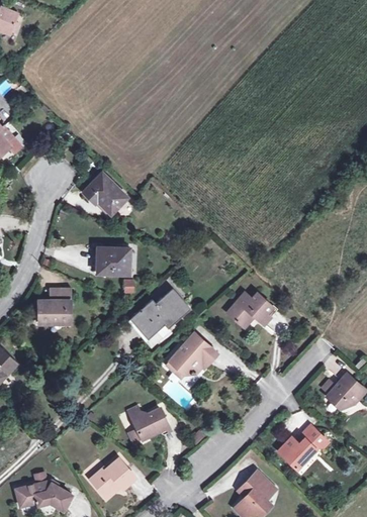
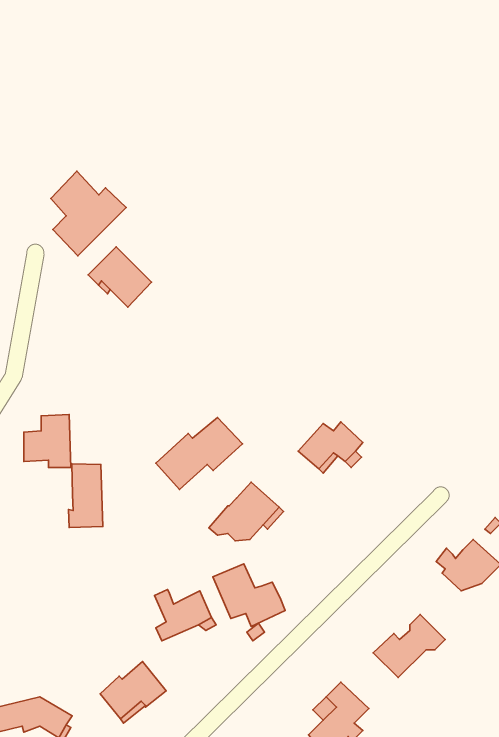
building: none -> [51,171,126,256]
building: [97,247,130,275] -> none
building: none -> [69,464,103,527]
building: none -> [213,564,285,626]

